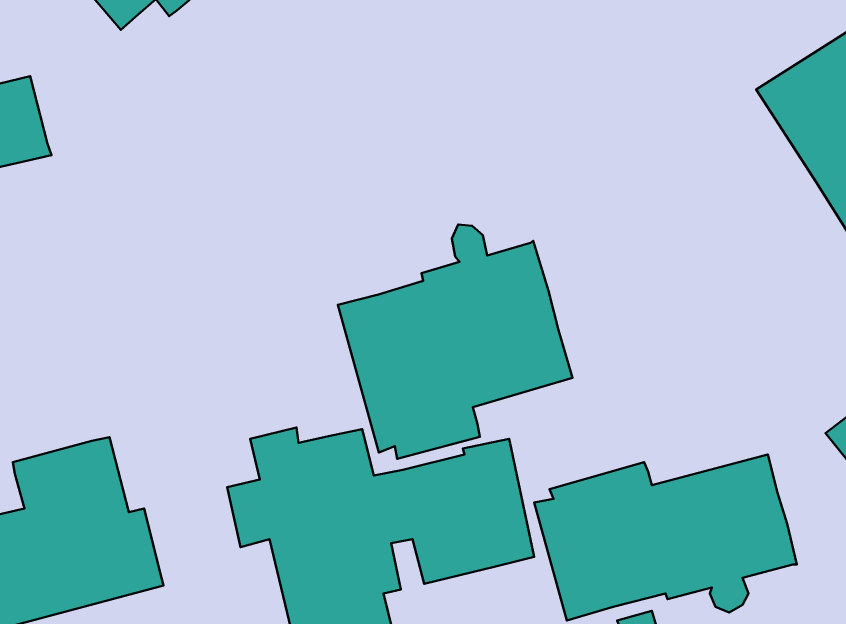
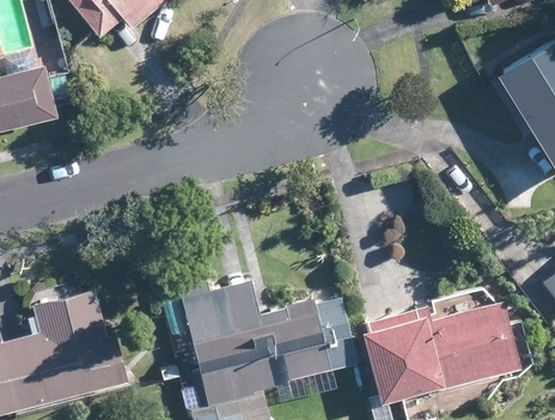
building: [338,225,573,459] -> none

